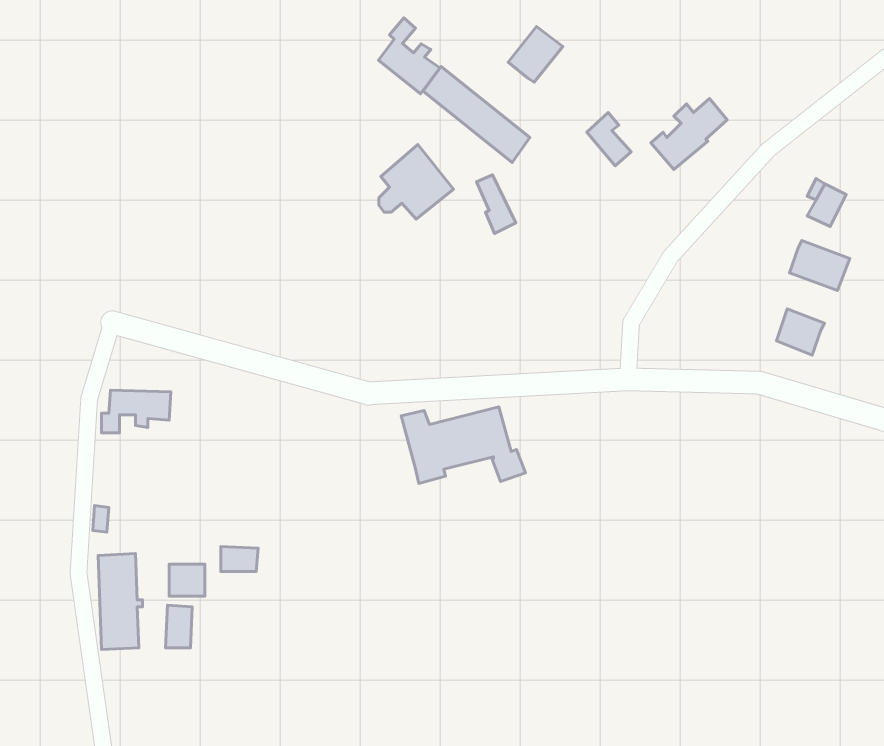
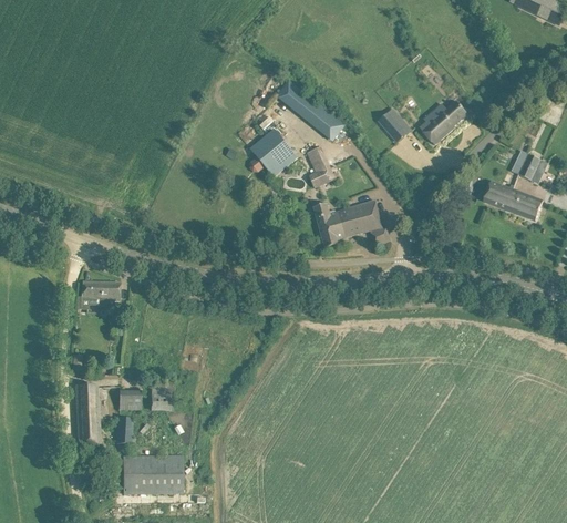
building: [379,18,440,94] -> none
building: [508,26,563,82] -> none
building: [776,309,824,355] -> [483,180,513,208]
building: [401,407,525,483] -> [312,199,390,247]
building: none -> [122,455,183,493]

